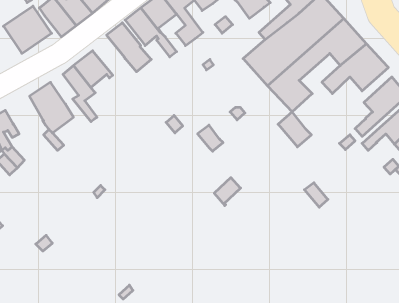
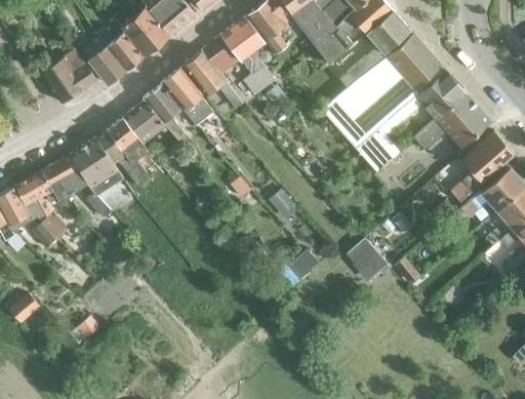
building: none -> [143,82,190,146]
building: none -> [95,128,128,163]
building: none -> [42,154,87,198]
building: [278,112,311,147] -> [349,237,388,278]

